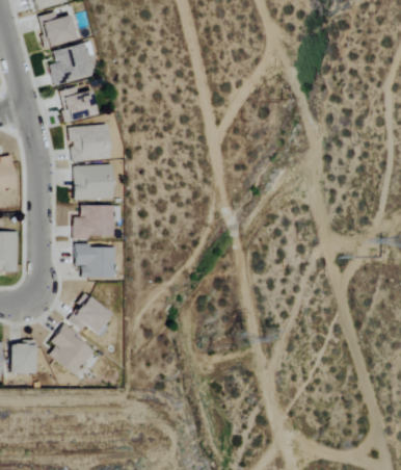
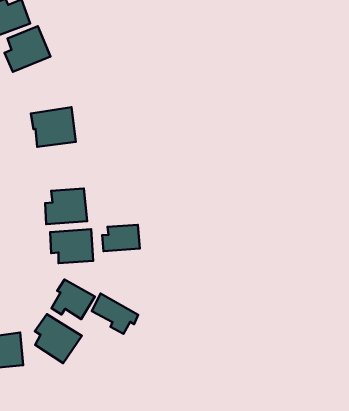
building: [60,86,98,123] -> none
building: [74,164,114,200] -> none
building: none -> [102,225,140,251]
building: none -> [92,294,138,334]

